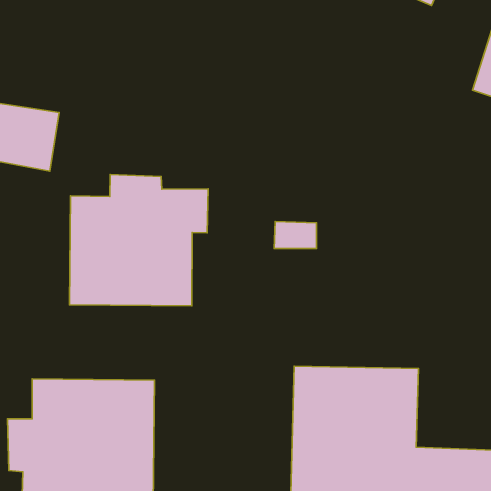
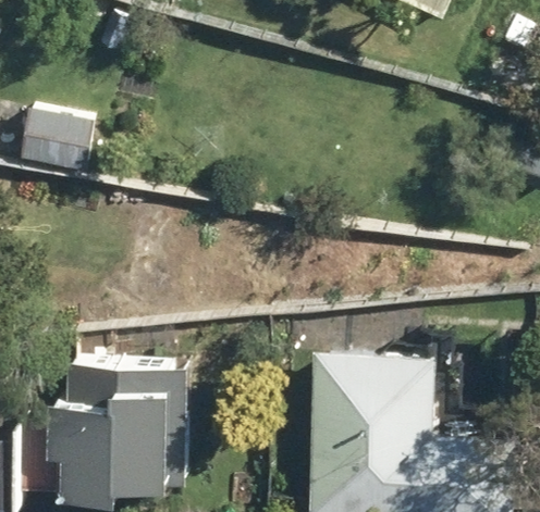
building: [70,175,208,306] -> none

